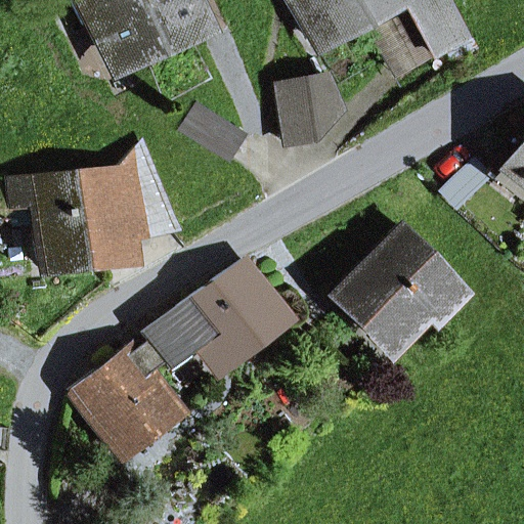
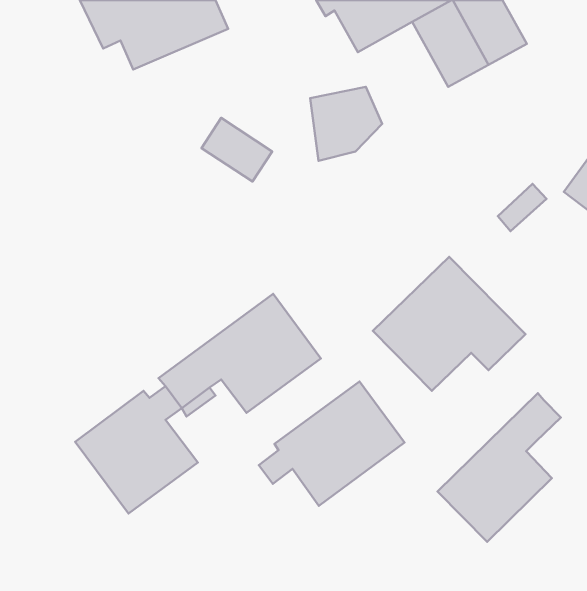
building: [10,143,176,268] -> none
building: none -> [259,381,404,506]
building: none -> [437,393,561,542]

